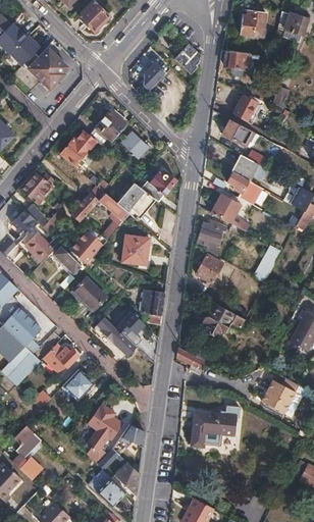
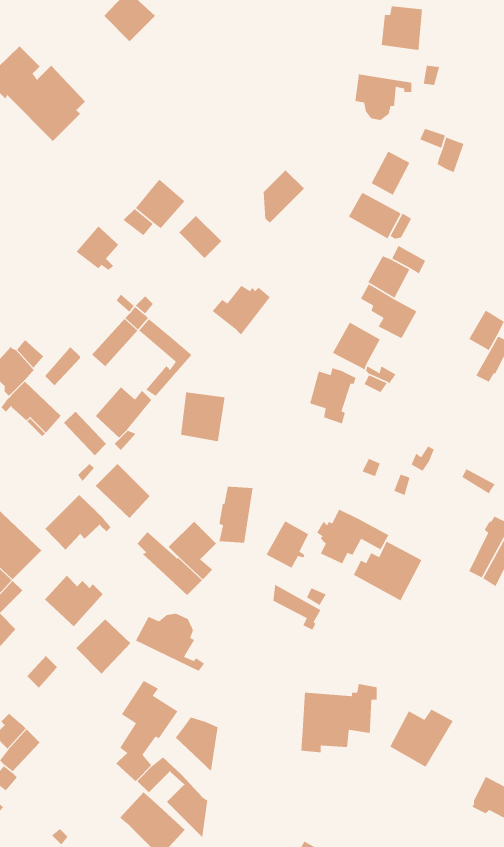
building: [277,11,307,35] -> none
building: [175,44,199,73] -> none
building: [142,61,166,93] -> [263,169,305,224]
building: [21,172,58,203] -> none
building: [116,182,155,219] -> none
building: [196,255,221,283] -> [266,520,309,569]
building: none -> [44,494,111,551]
building: none -> [353,541,422,601]
building: none -> [135,613,205,672]
building: [261,378,299,413] -> [389,708,454,768]

